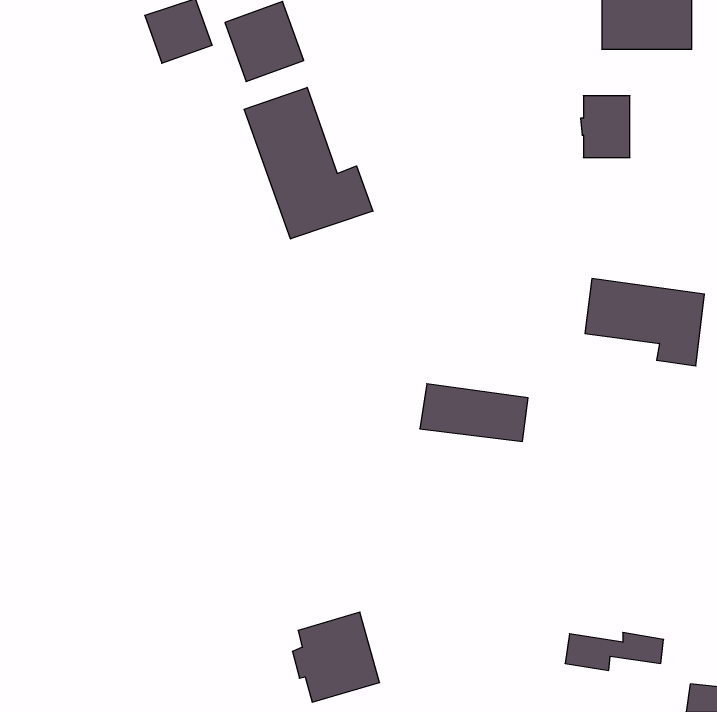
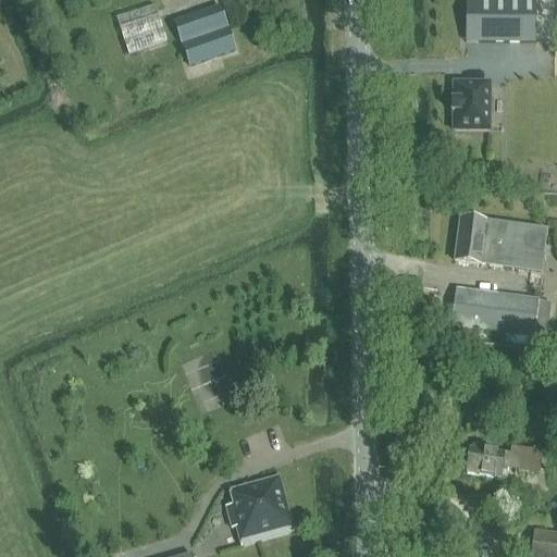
building: [244,87,373,239] -> none
building: [420,384,528,441] -> [454,287,537,332]
building: [565,632,664,670] -> [466,446,542,475]

